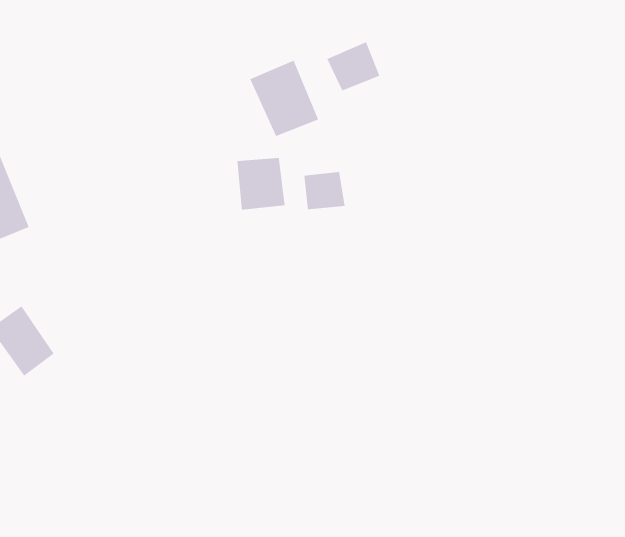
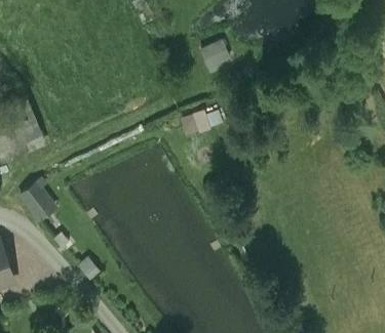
building: [250,60,319,137] -> none
building: [237,157,285,211] -> none

